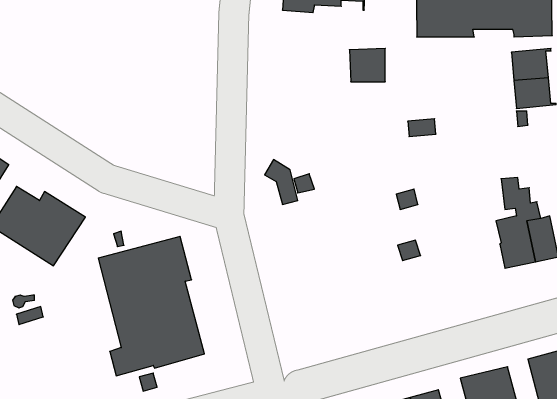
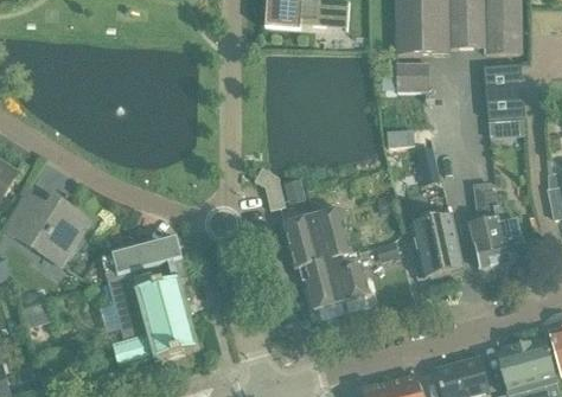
building: [349,48,385,82] -> [395,60,428,91]
building: none -> [283,206,369,309]
building: none -> [411,209,461,274]

